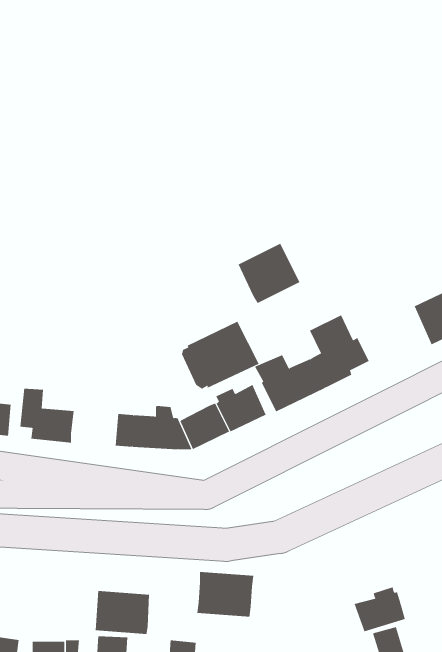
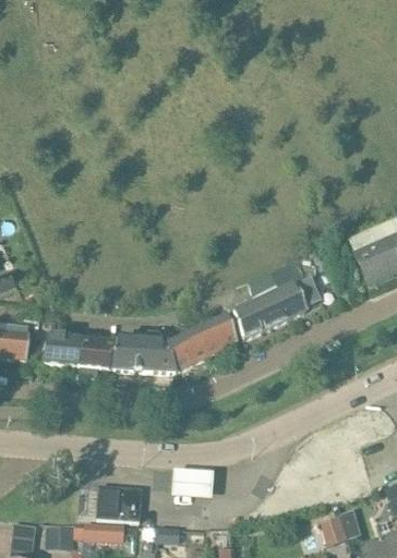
building: [238,243,300,304] -> none
building: [181,321,259,390] -> none
building: none -> [76,338,113,366]
building: [354,587,405,632] -> none

